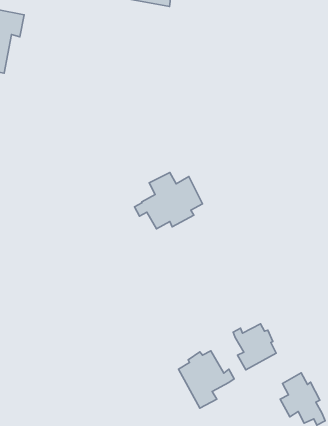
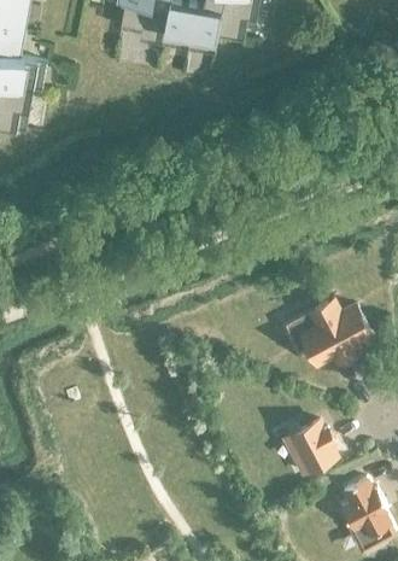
building: [134,172,202,229] -> [292,297,370,362]
building: [178,351,234,408] -> none

